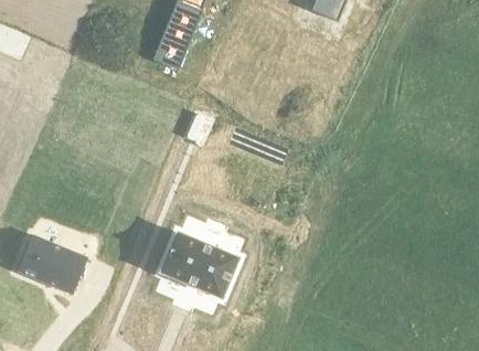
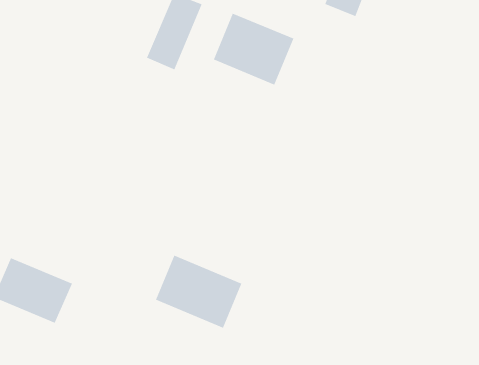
building: none -> [213,13,294,85]

